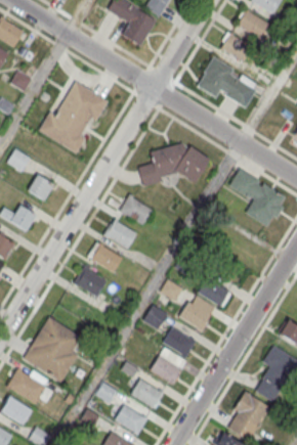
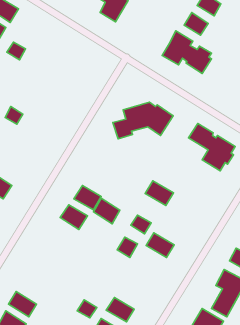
building: [38,81,108,153] -> none
building: [27,174,53,201] -> none
building: [120,195,152,225] -> none
building: [10,205,37,231] -> none
building: [104,219,136,250] -> [94,198,120,224]
building: [197,277,230,307] -> [145,181,173,205]
building: [24,317,81,382] -> none
building: [162,326,195,357] -> none
building: [148,354,182,385] -> none

